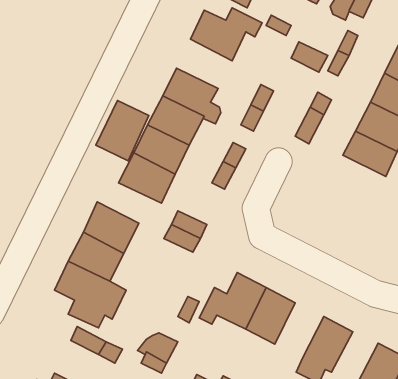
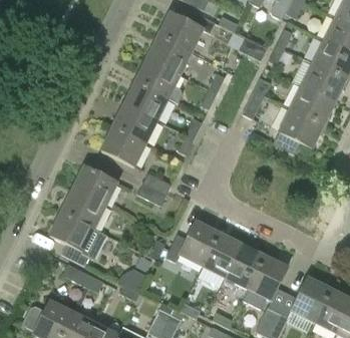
building: none -> [146,35,191,74]
building: [96,101,149,161] -> none
building: none -> [225,245,264,289]

